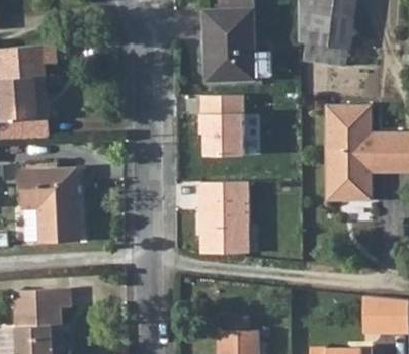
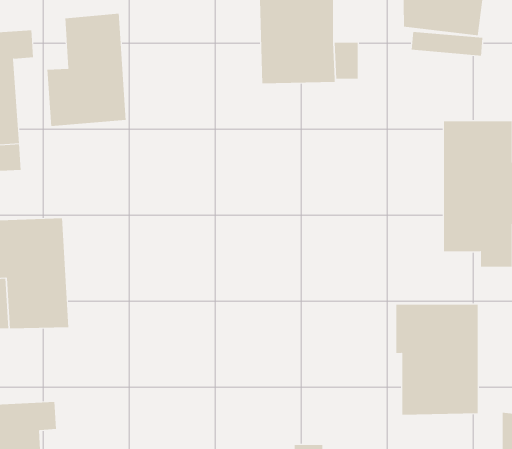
building: none -> [47,13,126,127]
building: [199,95,244,156] -> none
building: [194,181,249,254] -> [396,304,479,415]

